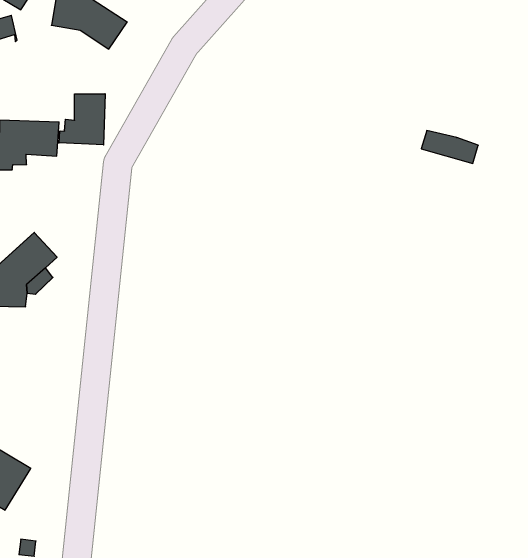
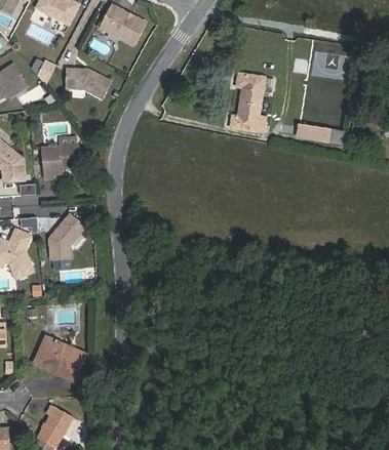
building: none -> [230,72,264,130]
building: [59,94,105,145] -> none

